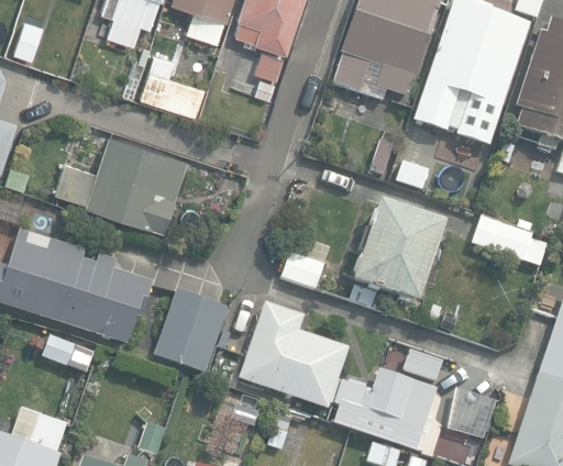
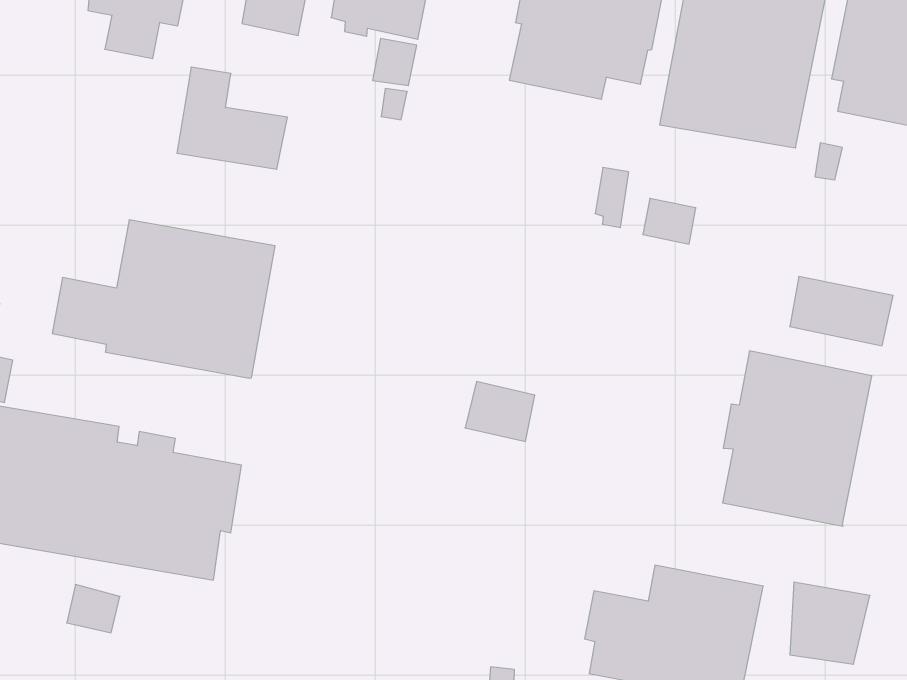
building: [352,198,445,303] -> [723,351,872,526]
building: [153,289,228,373] -> none
building: [239,301,349,409] -> none

